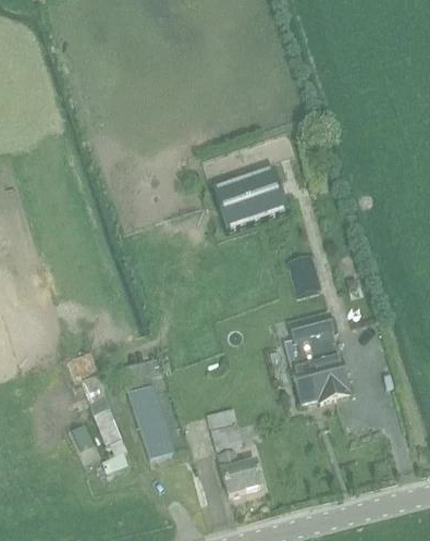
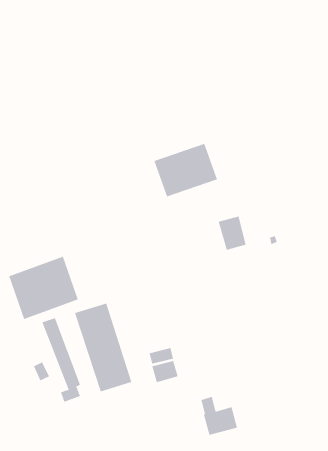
building: none -> [9,256,79,320]
building: [288,312,348,401] -> none
building: [218,447,261,493] -> [200,396,238,435]

